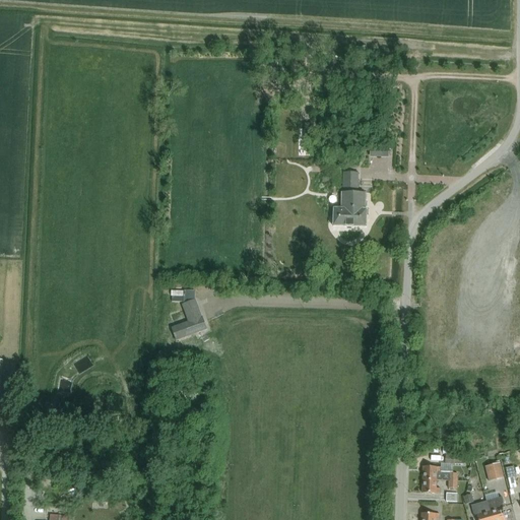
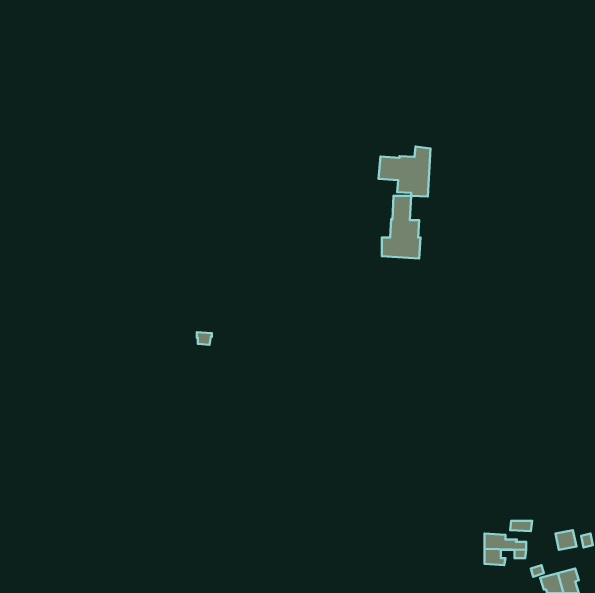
building: none -> [379,146,430,197]
building: [171,298,206,339] -> none

